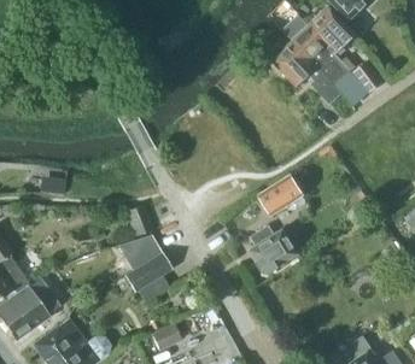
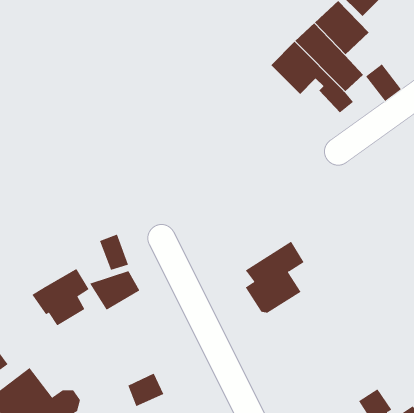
building: [258,175,304,216] -> none
building: [122,253,171,303] -> [31,268,90,326]

